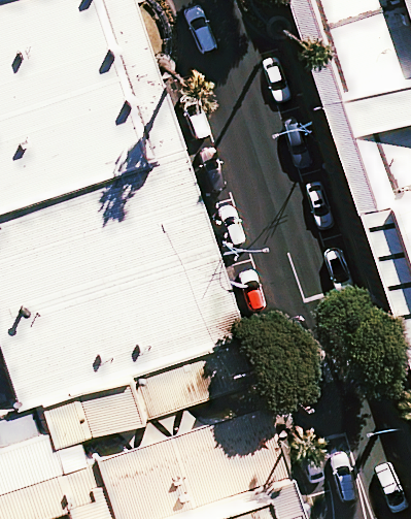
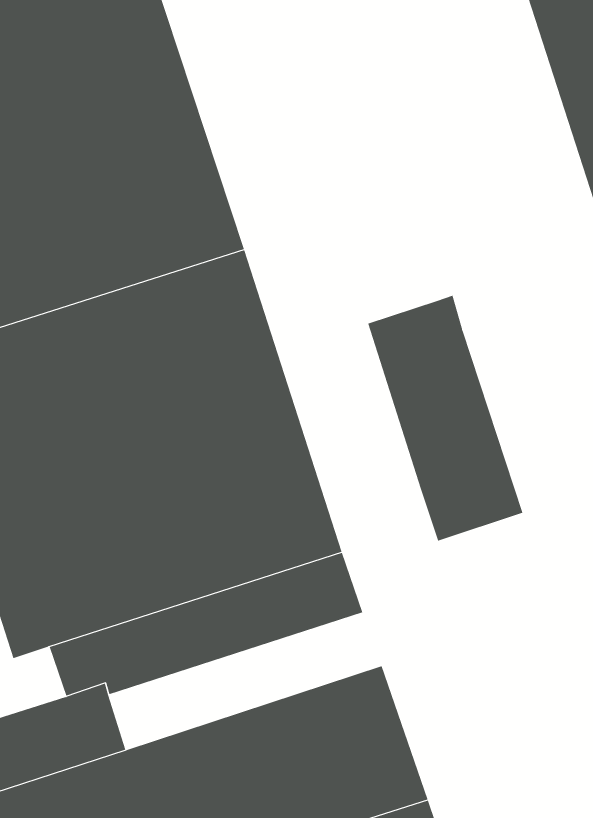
building: none -> [367,295,523,542]

